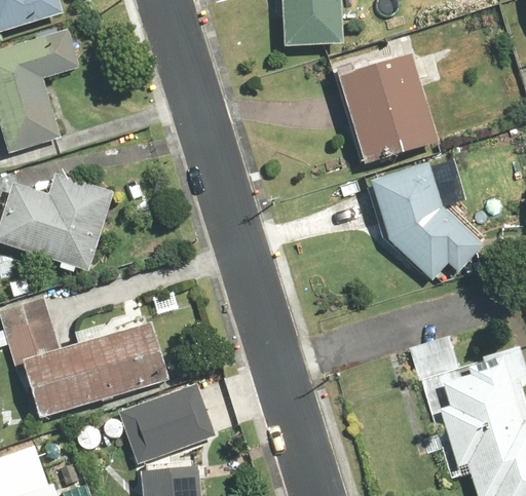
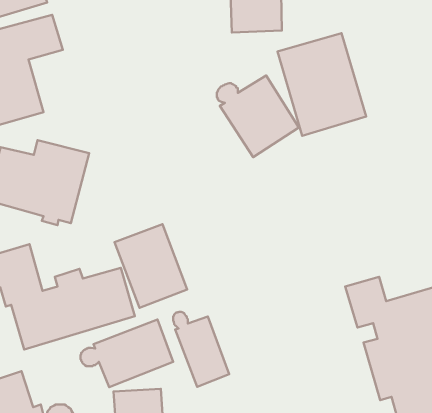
building: none -> [217,75,299,157]
building: [370,161,482,280] -> none
building: none -> [114,224,187,308]
building: none -> [173,312,229,387]

